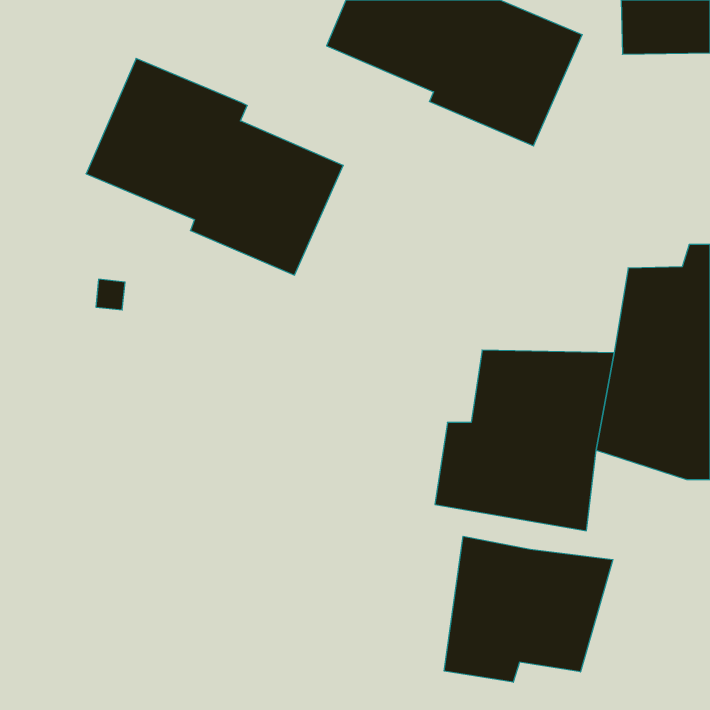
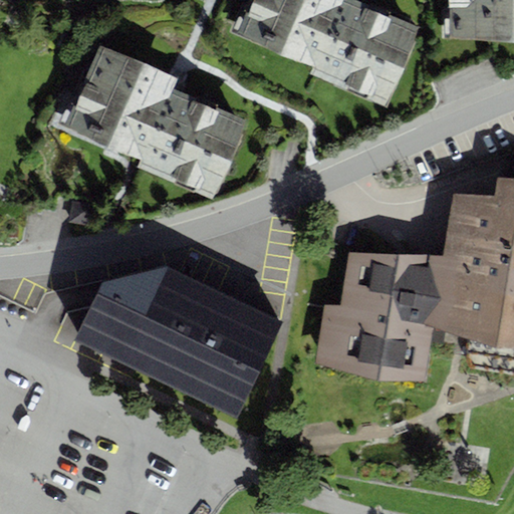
building: none -> [74,267,282,418]
building: [444,536,613,682] -> none

